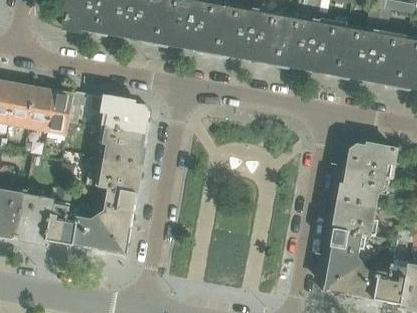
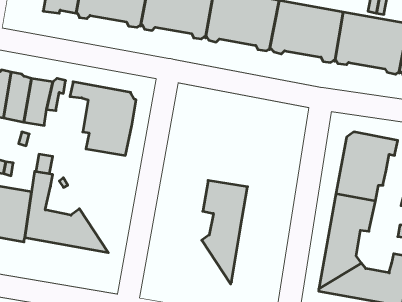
building: [98,157,141,254] -> [202,180,248,284]

